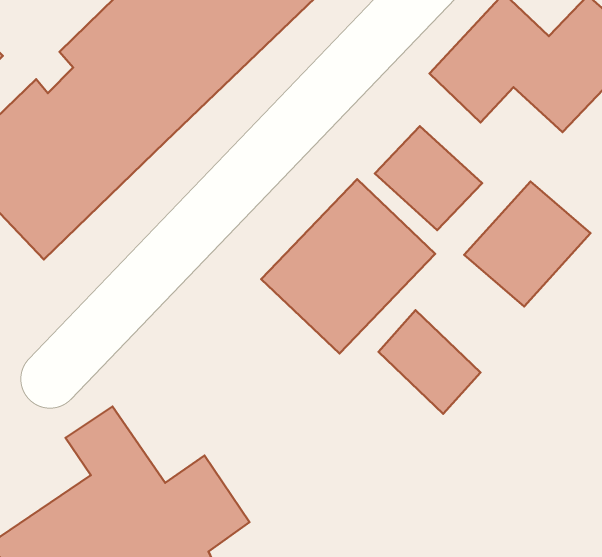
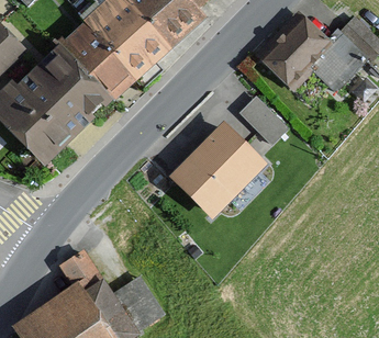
building: [464,182,591,306] -> none
building: [378,310,480,414] -> none

